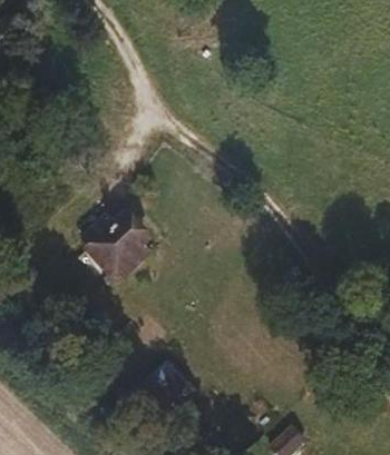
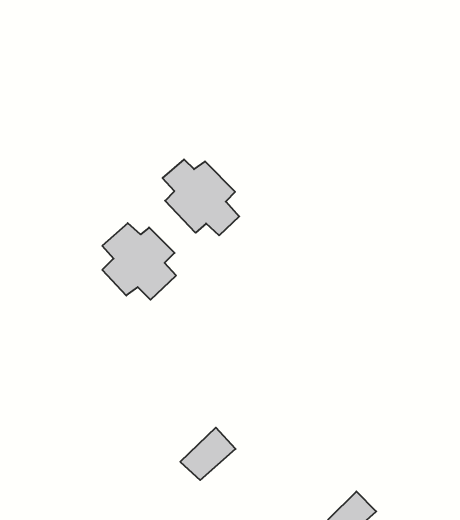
building: none -> [163,159,239,235]

